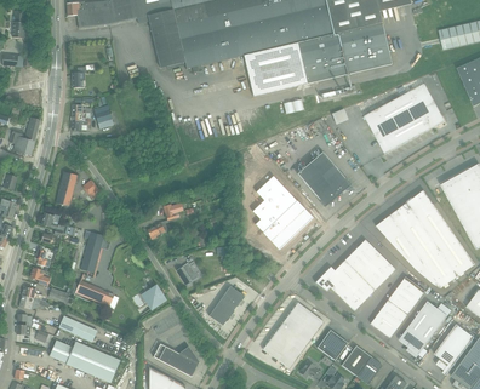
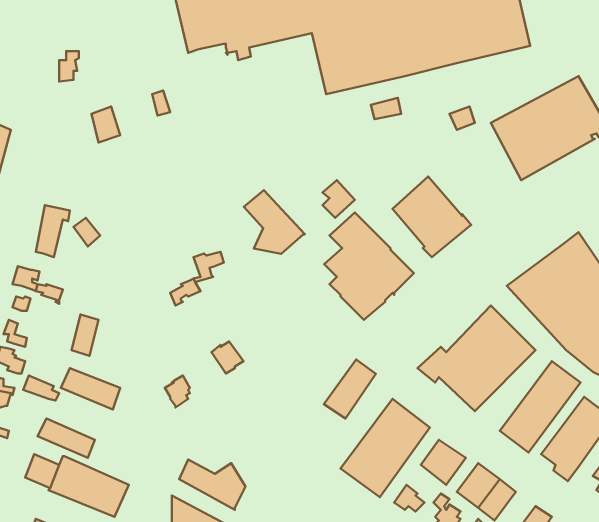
building: none -> [244,190,305,254]
building: [208,285,244,325] -> [324,359,376,419]

